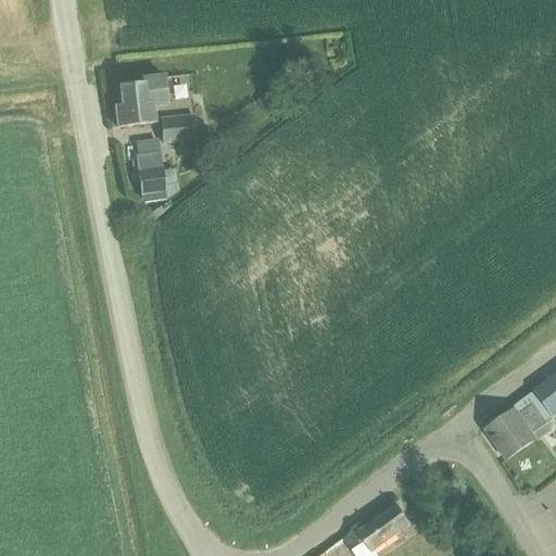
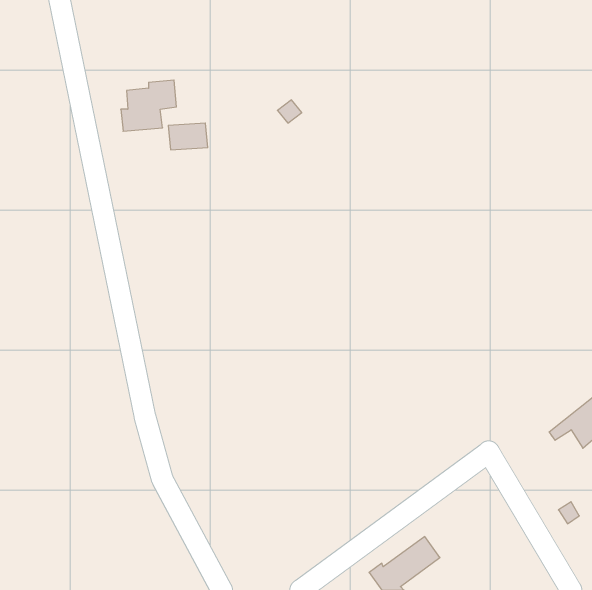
building: [136,150,166,201] -> none
building: [486,402,548,457] -> none

